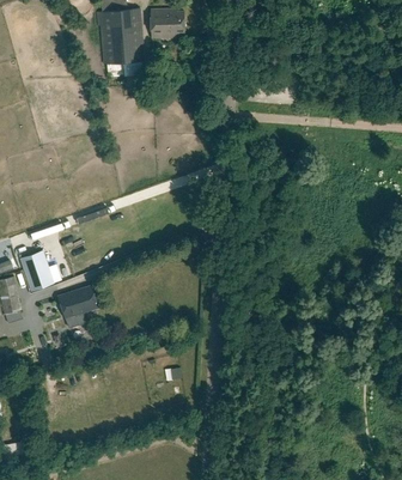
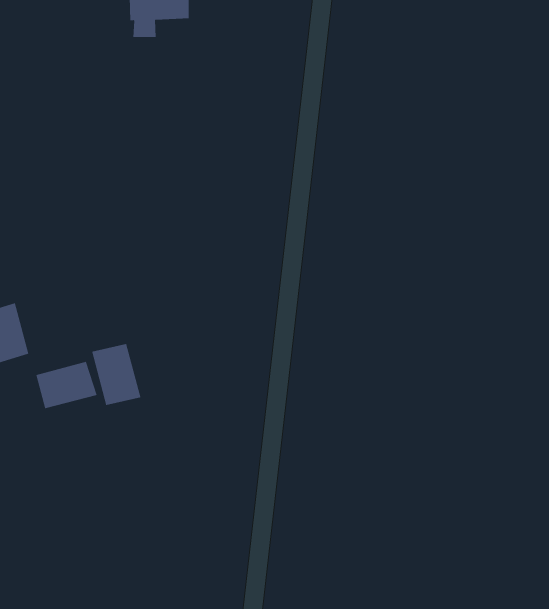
building: none -> [91,343,141,406]

